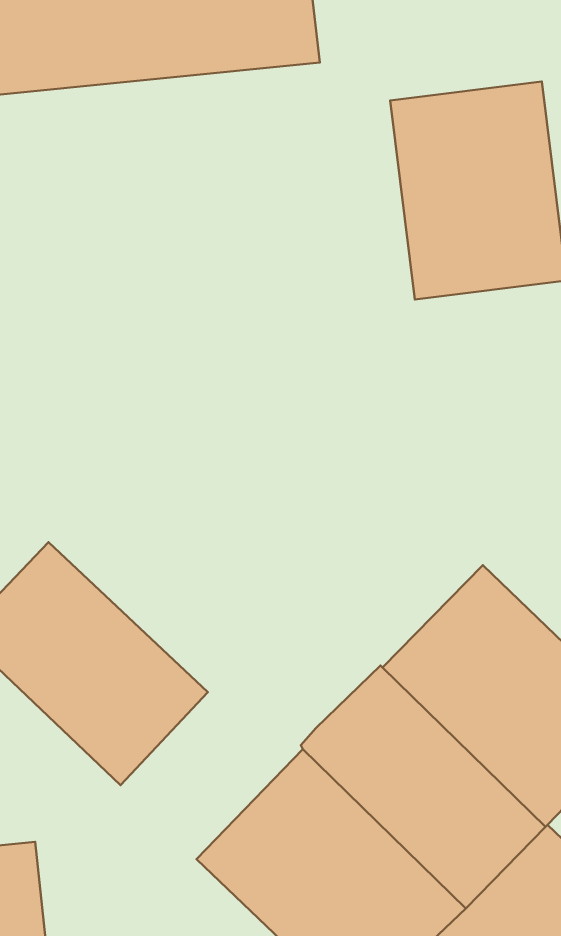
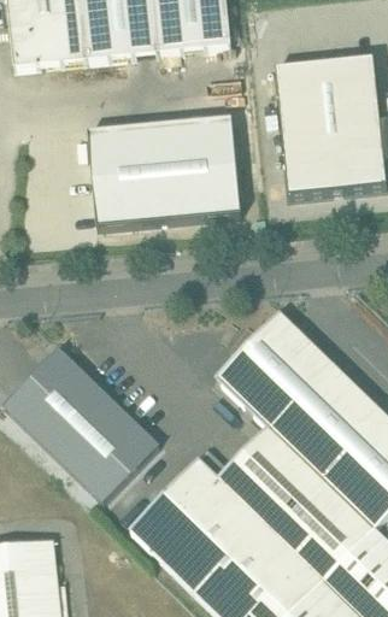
building: none -> [90,117,241,223]
building: none -> [217,312,334,429]
building: none -> [130,449,228,551]

